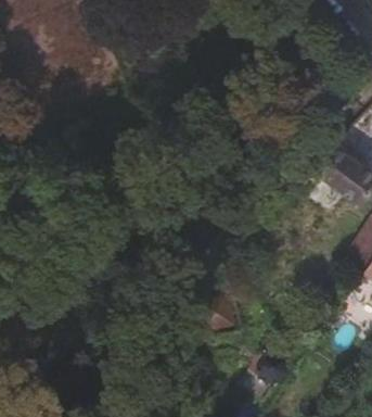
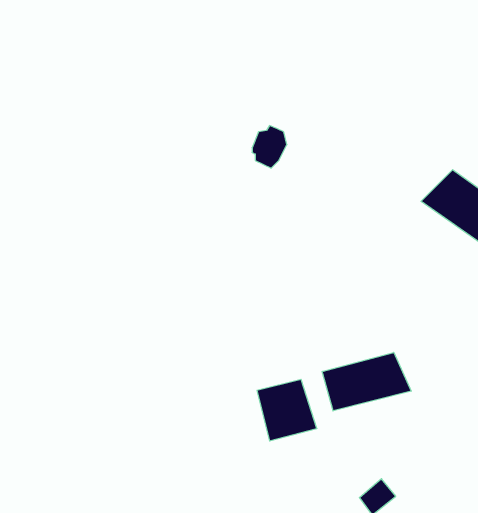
building: none -> [322,352,411,411]

